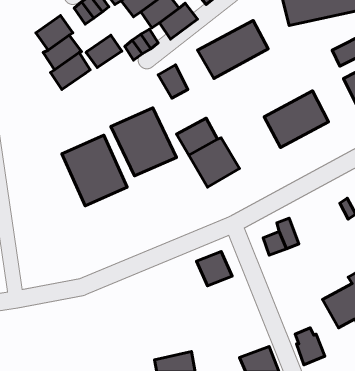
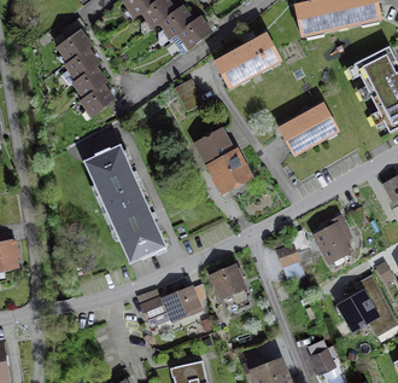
building: [86,35,122,67] -> [80,86,115,117]
building: [111,108,176,176] -> [104,197,168,263]
building: none -> [312,220,355,267]
building: none -> [137,280,205,325]

